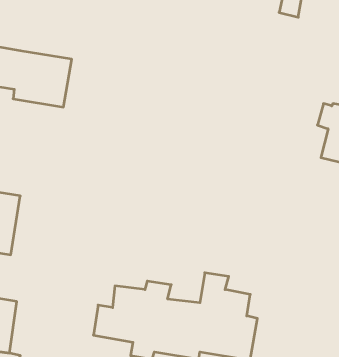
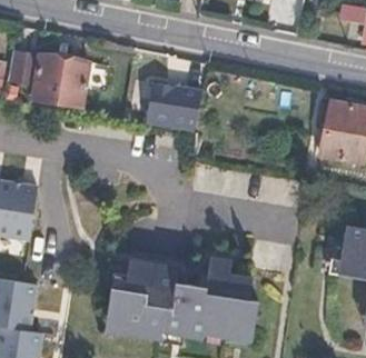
building: none -> [139,83,202,135]

